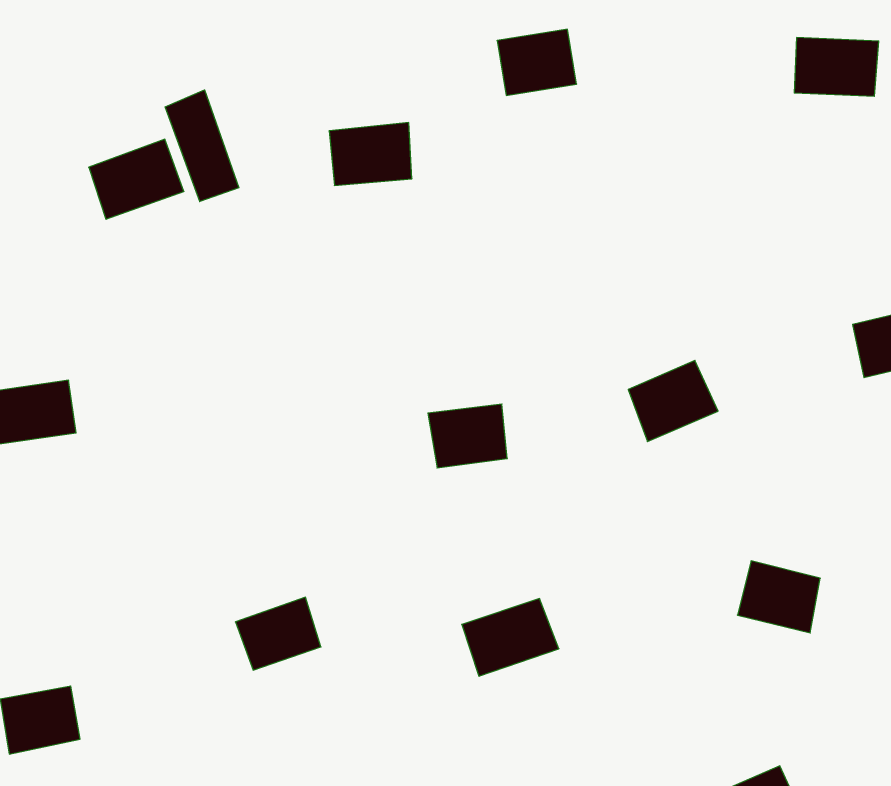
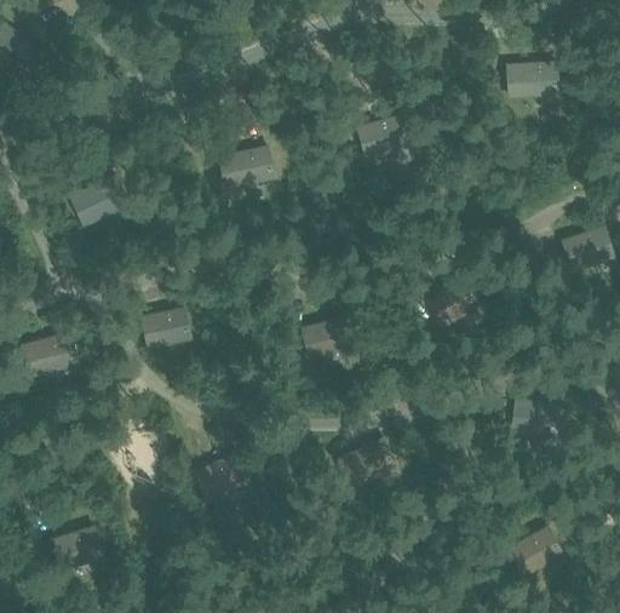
building: [497,29,577,95] -> [355,114,408,160]
building: [165,90,239,202] -> none
building: none -> [139,306,191,350]

